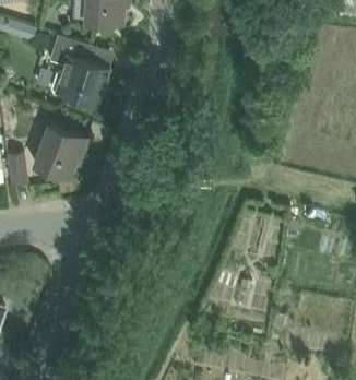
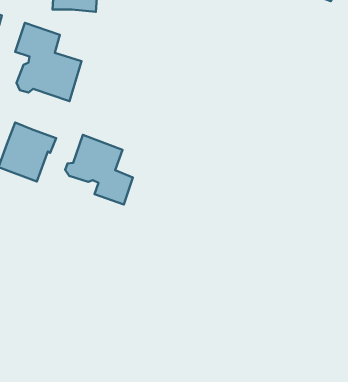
building: none -> [65,135,133,205]

